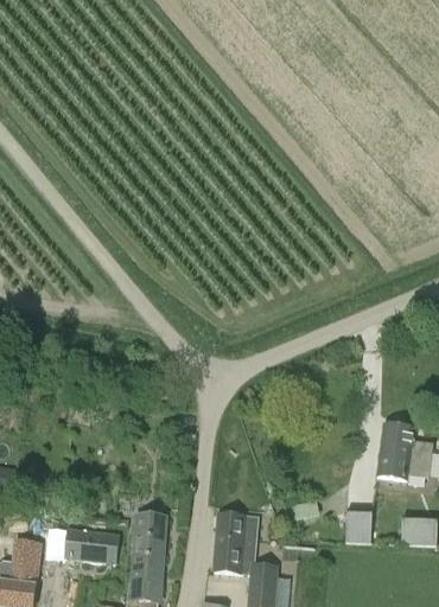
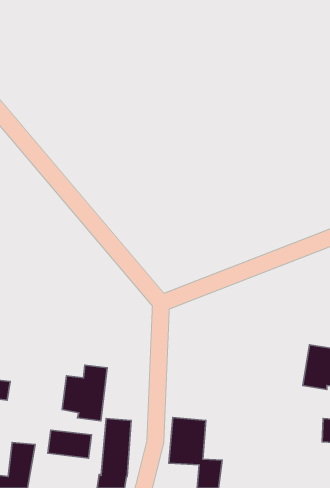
building: none -> [62,365,107,421]
building: [344,507,371,542] -> none

